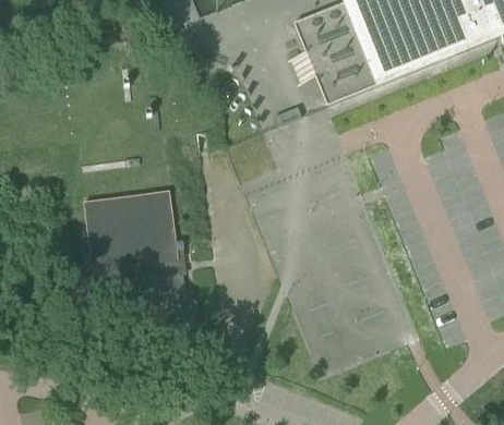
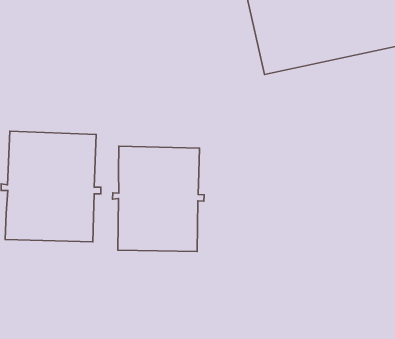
building: none -> [112,146,204,251]

